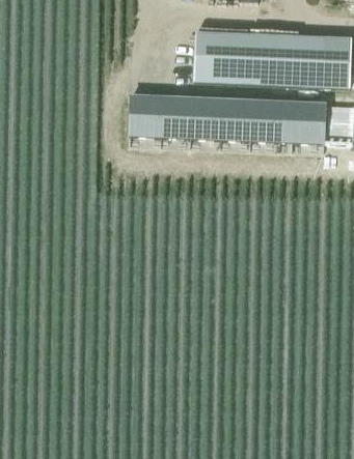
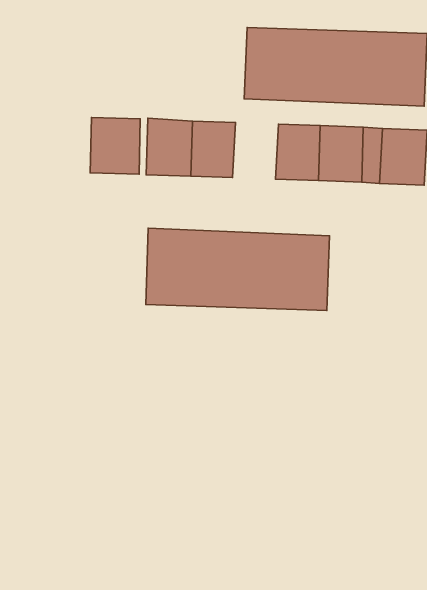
building: none -> [90,118,140,174]
building: [191,97,223,137] -> none
building: none -> [146,228,330,311]

